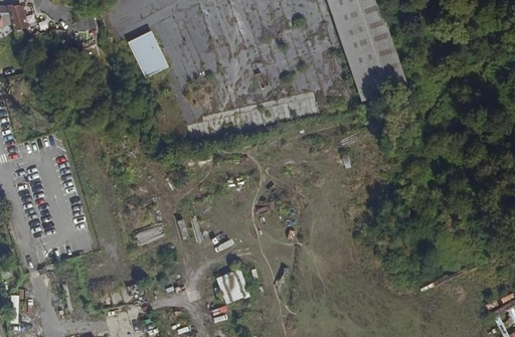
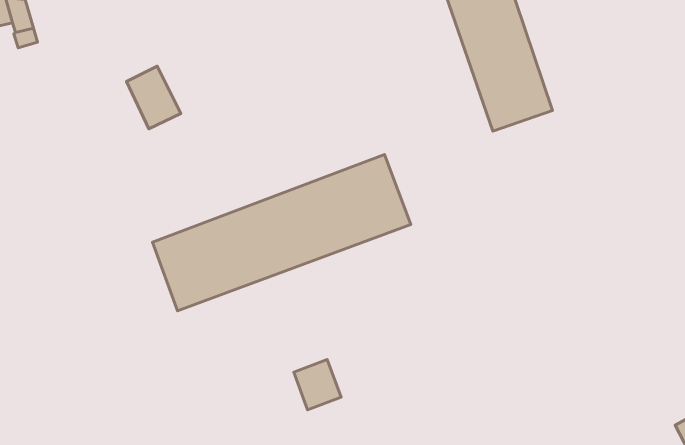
building: [131,29,170,74] -> [127,66,181,129]
building: none -> [152,155,411,311]

